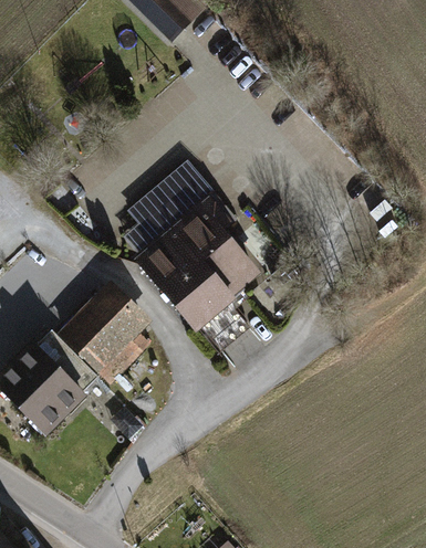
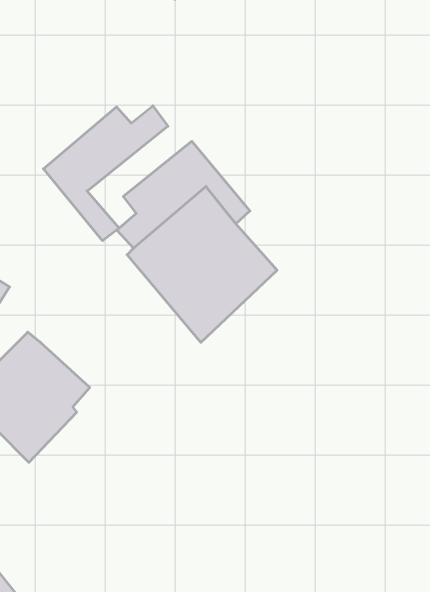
building: none -> [43,106,168,241]
building: [58,277,153,381] -> none

